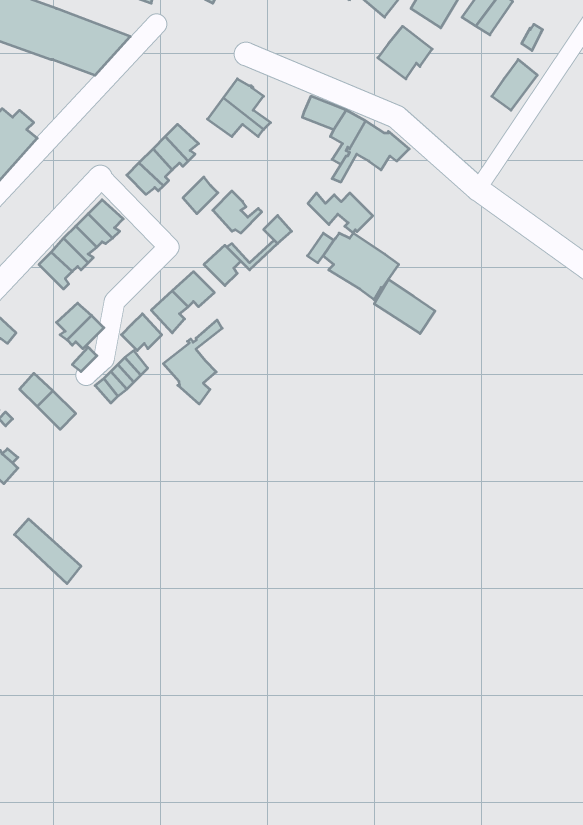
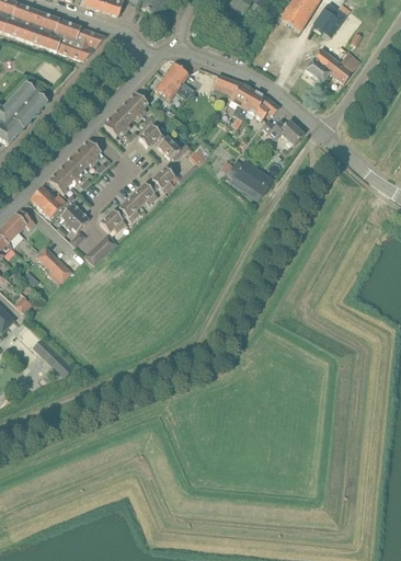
building: [378,26,432,79] -> [305,49,339,82]
building: [308,193,373,233] -> [262,121,302,146]
building: none -> [30,186,65,218]
building: [374,279,435,334] -> none
building: [163,320,222,404] -> none

